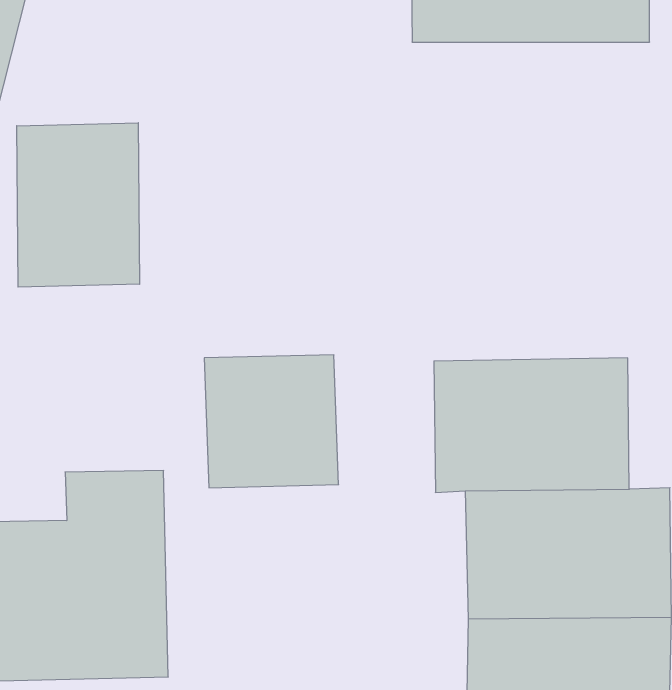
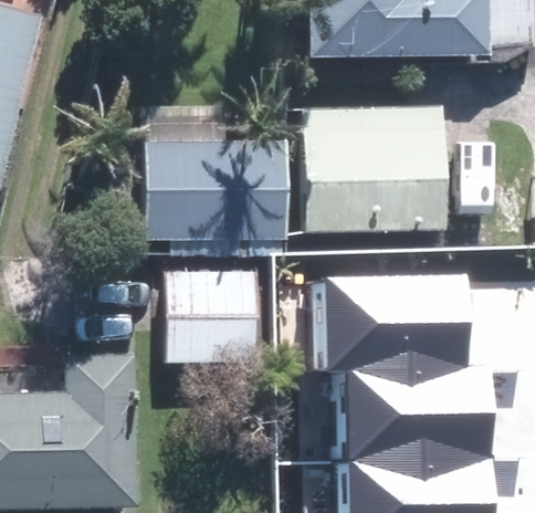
building: none -> [306,109,444,229]
building: [17,123,140,287] -> none
building: none -> [146,142,285,239]

